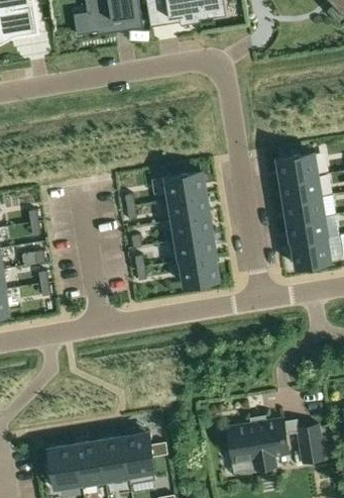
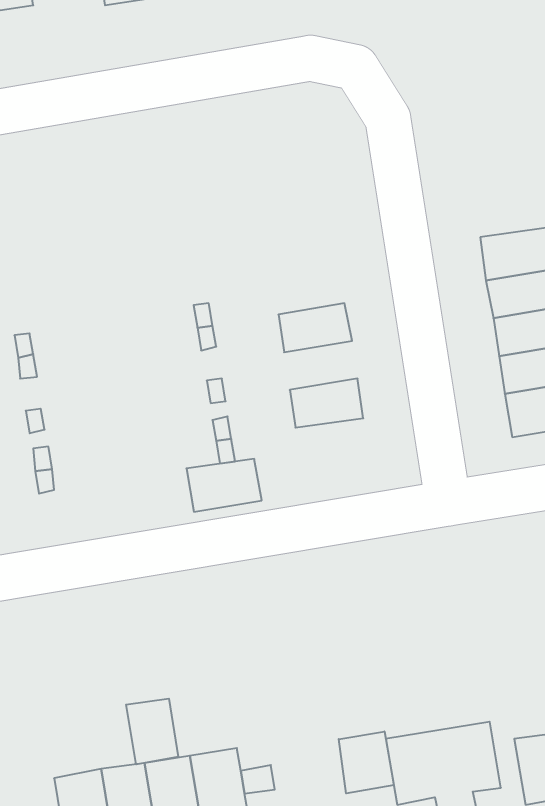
building: [165,172,205,200] -> none
building: [173,214,212,240] -> none
building: [179,256,219,284] -> [186,459,262,512]
building: none -> [126,699,178,764]
building: none -> [339,731,394,793]

